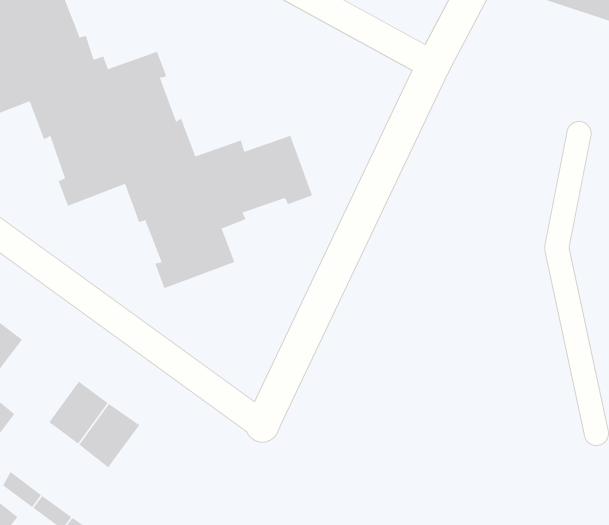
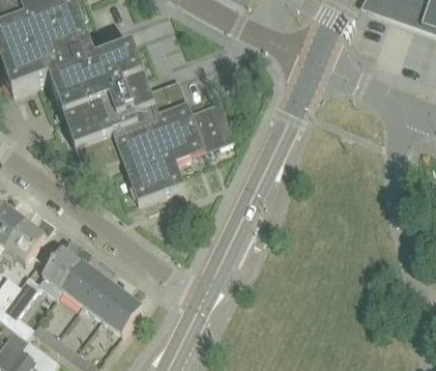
building: none -> [41,246,82,287]
building: none -> [101,289,142,332]

